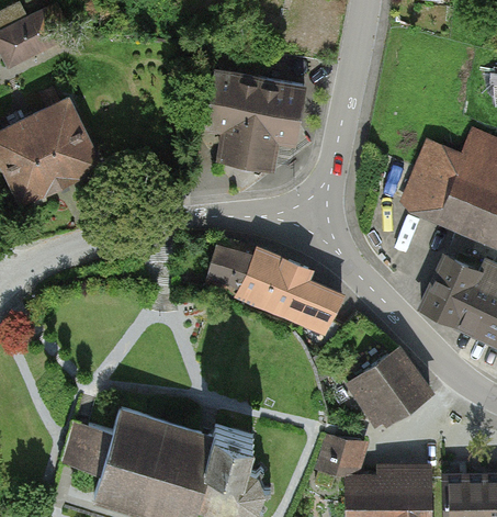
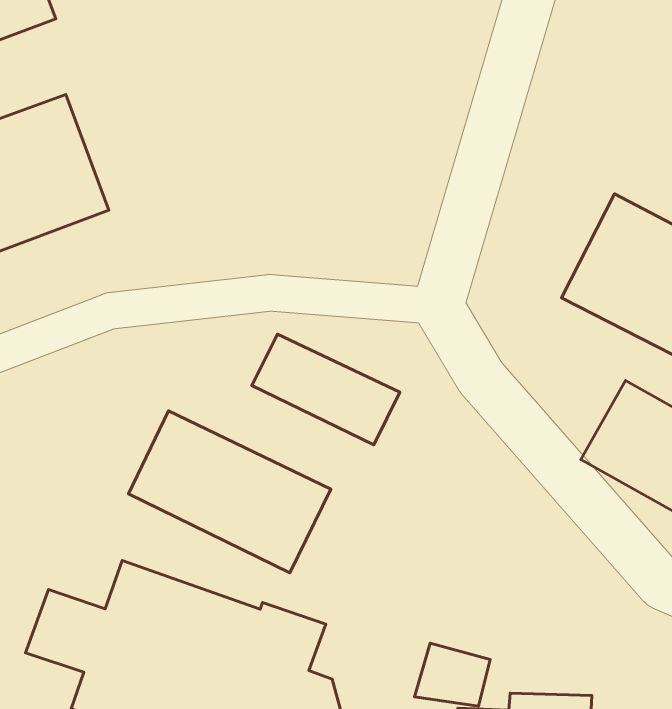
building: [199,78,297,170] -> none
building: [283,276,341,328] -> none
building: none -> [129,411,331,573]
building: [354,346,431,424] -> none

